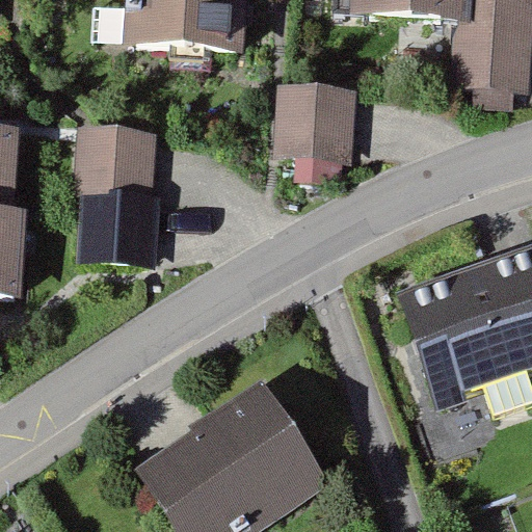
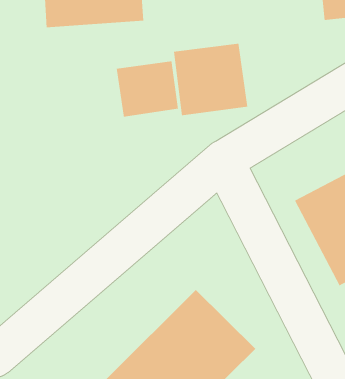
building: none -> [116,60,179,118]
building: [76,119,165,263] -> none

